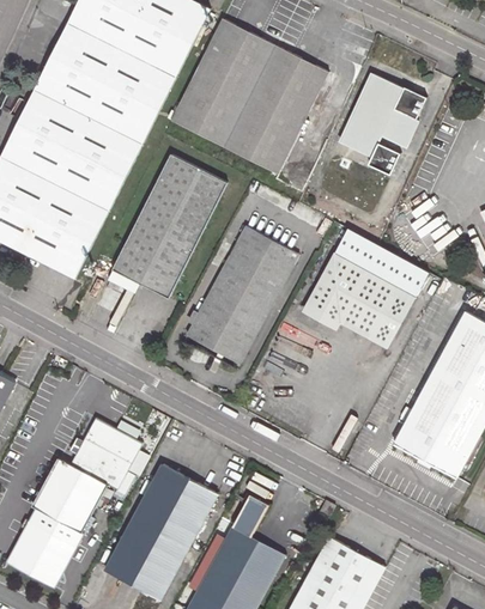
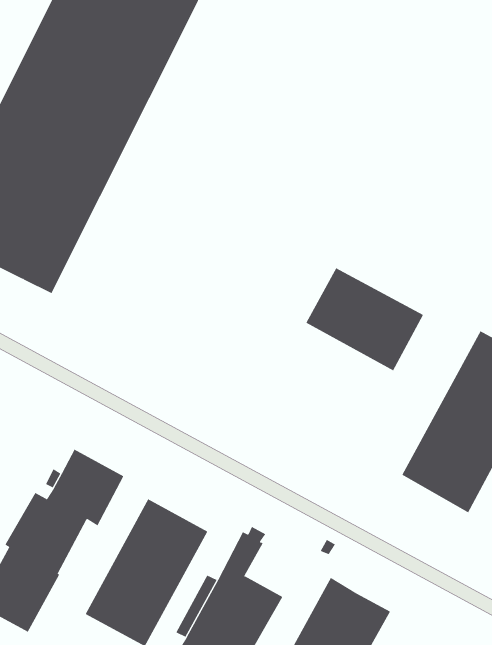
building: [170,18,327,173] -> none
building: [339,73,426,177] -> none
building: [111,154,225,298] -> none
building: [186,226,298,364] -> none
building: [333,229,428,297] -> none

